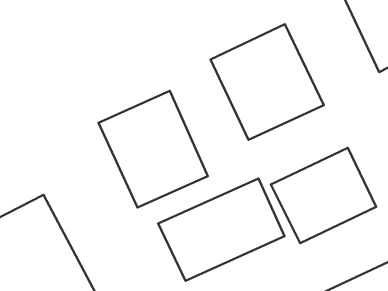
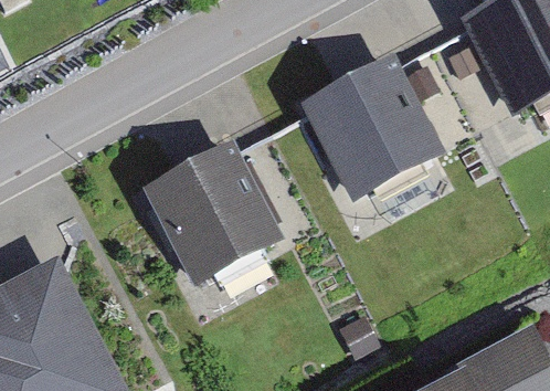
building: [271,148,376,243] -> none
building: [158,178,285,281] -> none

